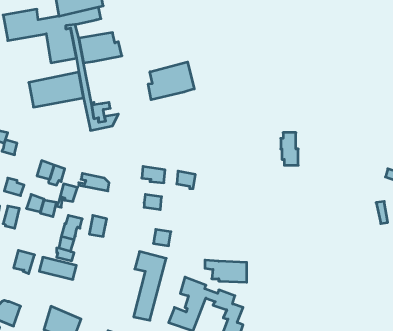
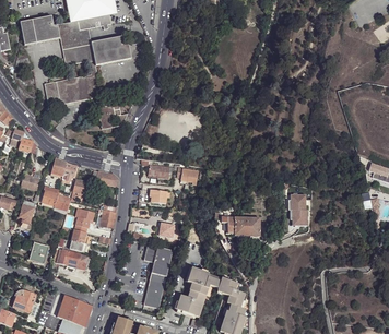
building: [148,62,194,100] -> none
building: [281,133,298,165] -> [291,193,307,224]
building: [205,260,247,282] -> [221,216,260,237]

